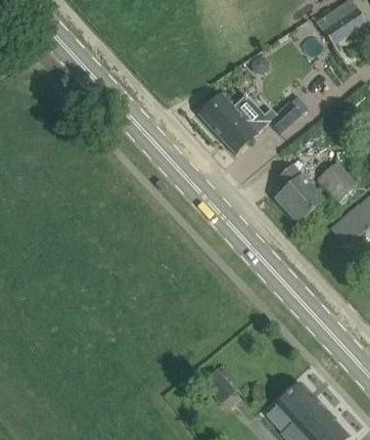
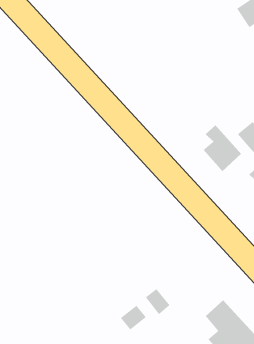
building: [198,93,300,153] -> none
building: none -> [120,305,147,330]

